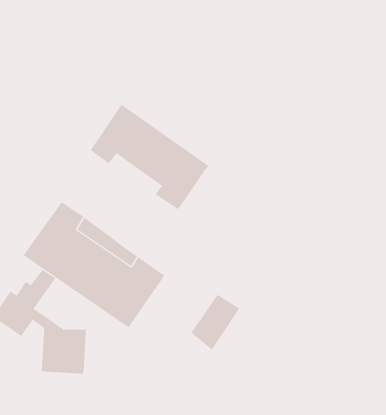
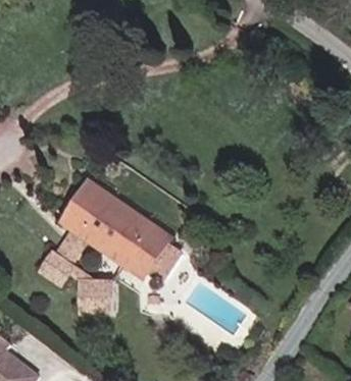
building: [90,104,209,210] -> none
building: [190,294,240,351] -> [142,242,182,287]

